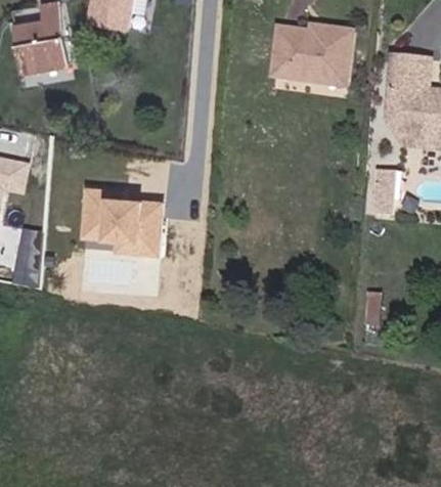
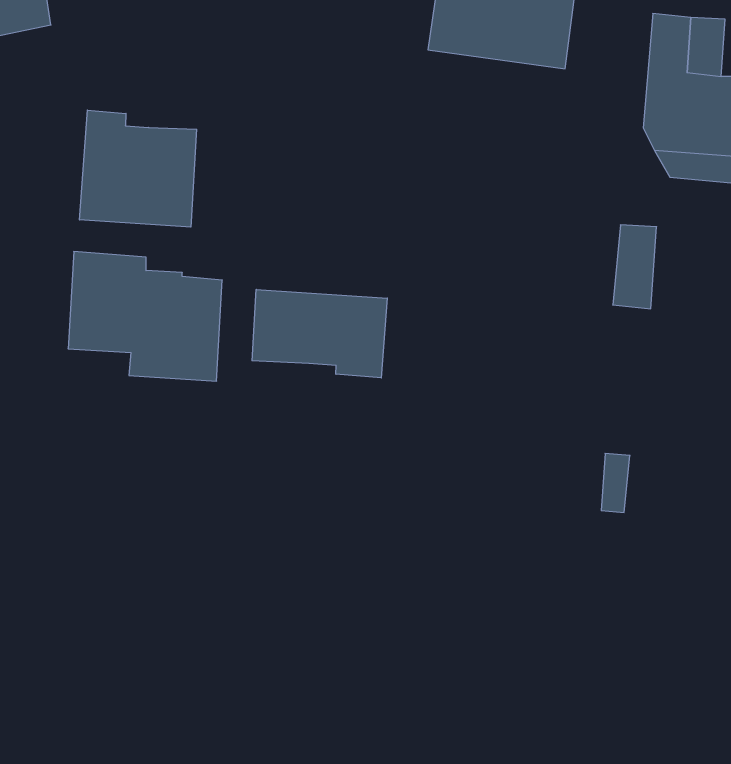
building: none -> [80,110,197,227]
building: none -> [252,289,387,378]

